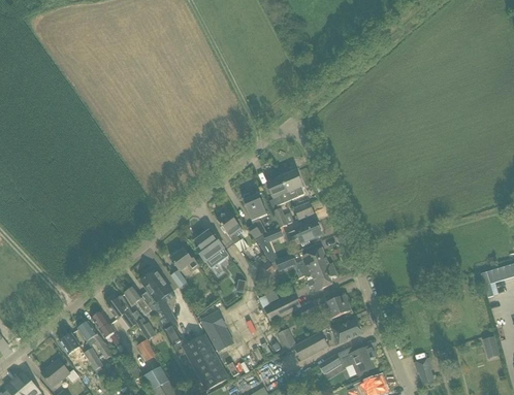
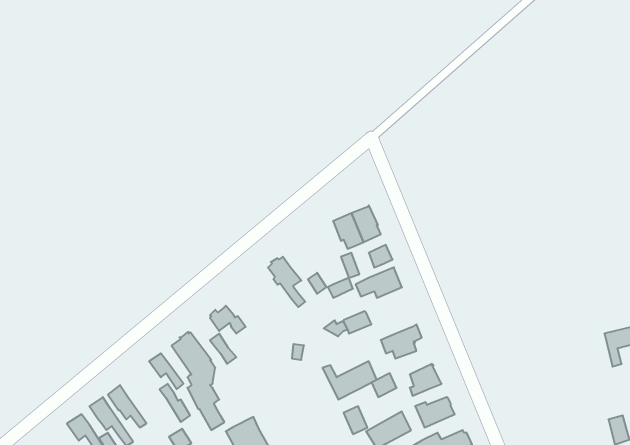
building: [243,192,267,220] -> none
building: [195,230,229,262] -> none
building: [301,249,329,275] -> none
building: [107,295,136,327] -> none
building: [200,310,234,352] -> none

